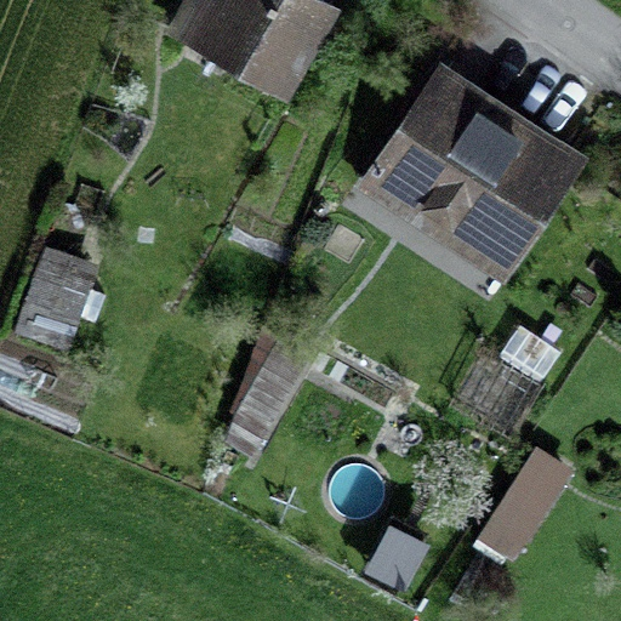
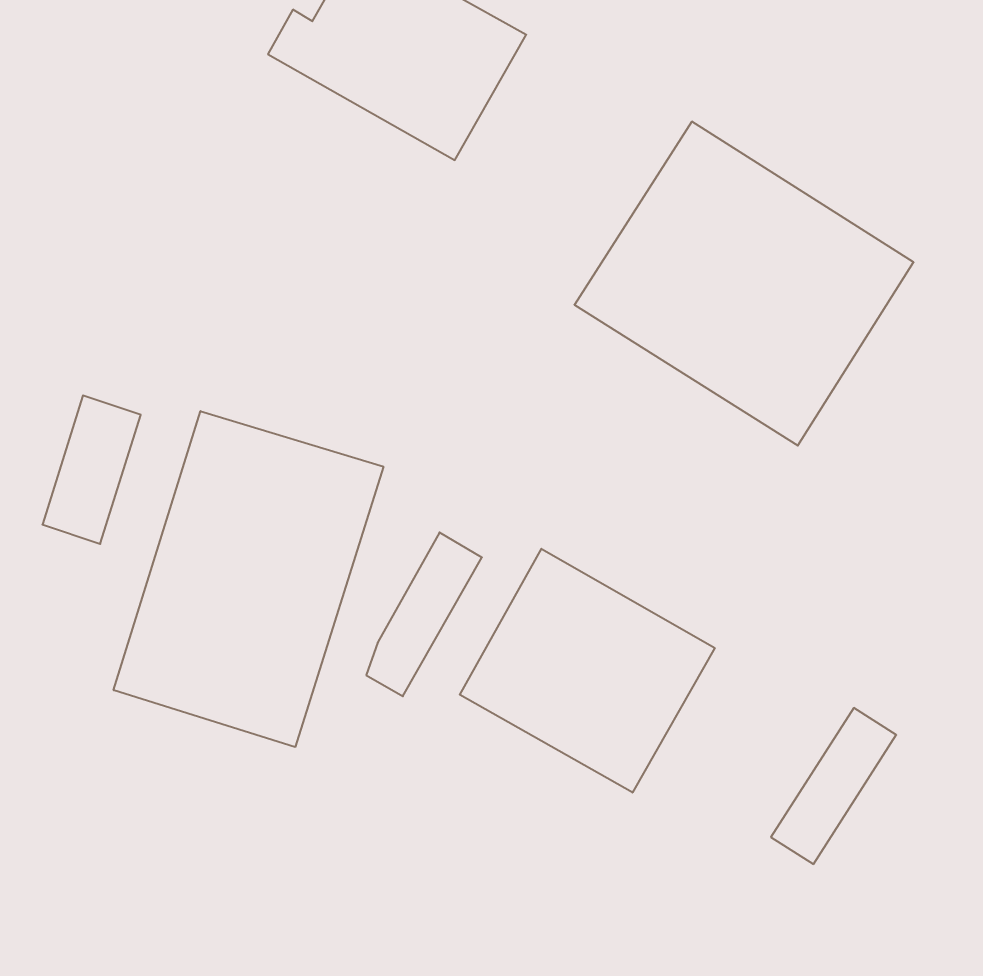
building: none -> [114,411,383,747]
building: none -> [460,549,715,793]

